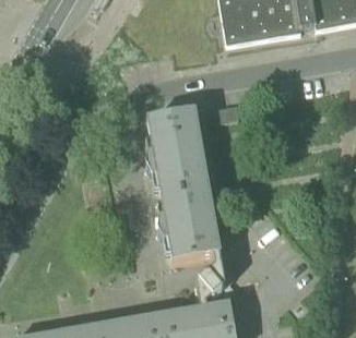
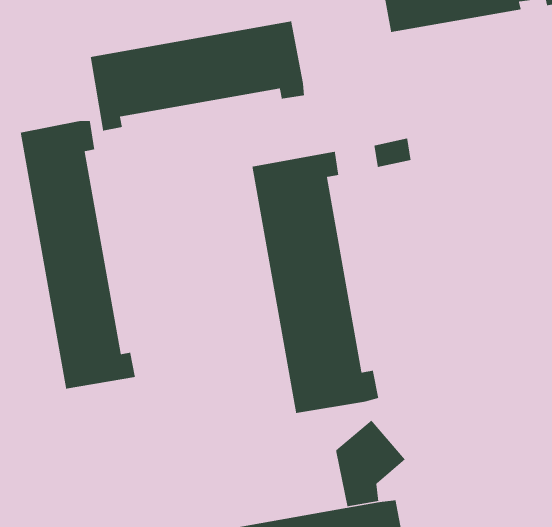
building: none -> [90,21,305,132]
building: none -> [20,120,136,389]

